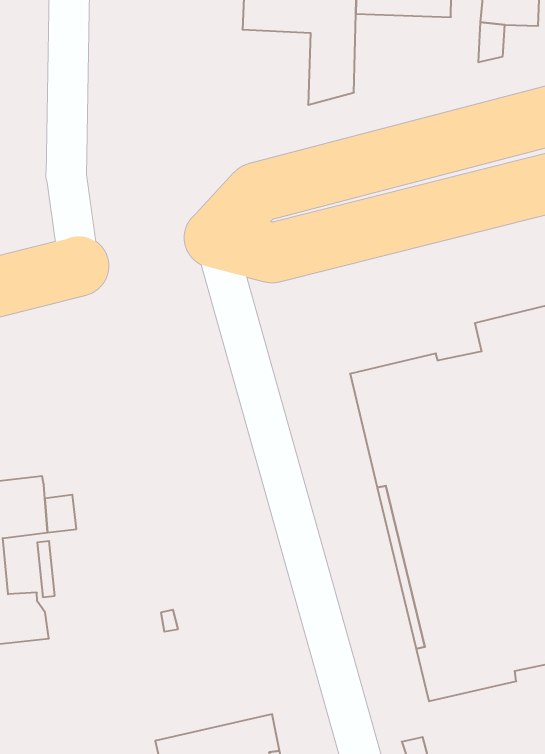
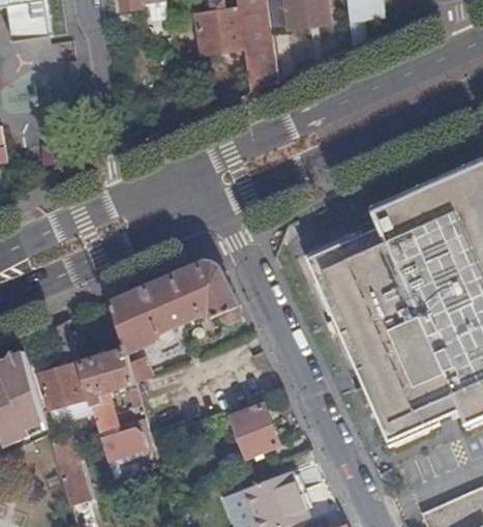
building: none -> [112,261,241,353]
building: none -> [232,404,279,457]

